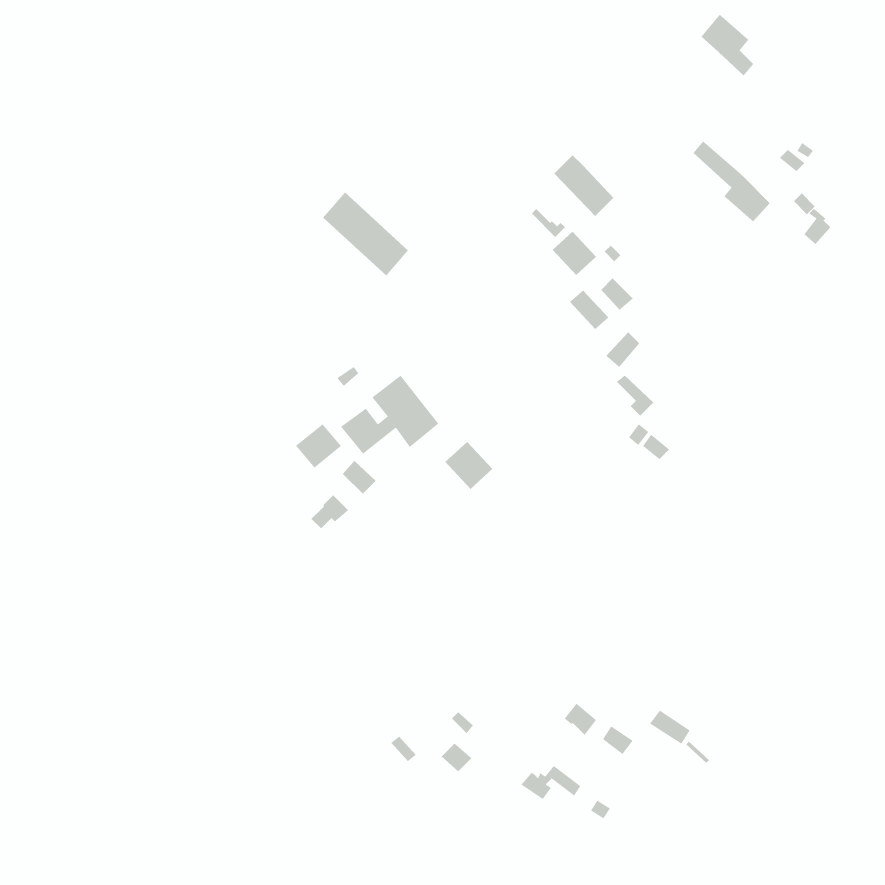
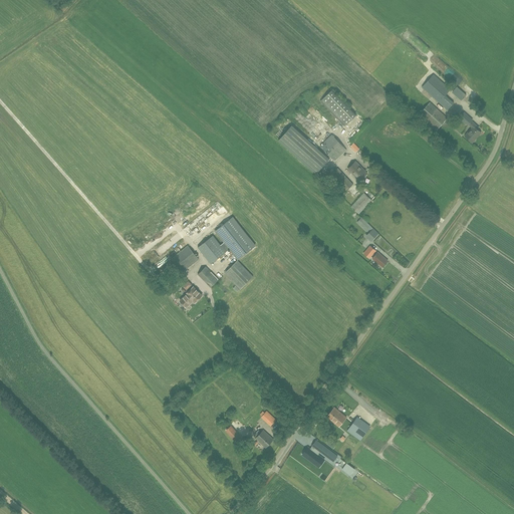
building: [701,14,754,76] -> [422,73,453,109]
building: [322,191,409,276] -> [278,123,328,173]
building: [444,441,493,490] -> [224,260,252,288]

